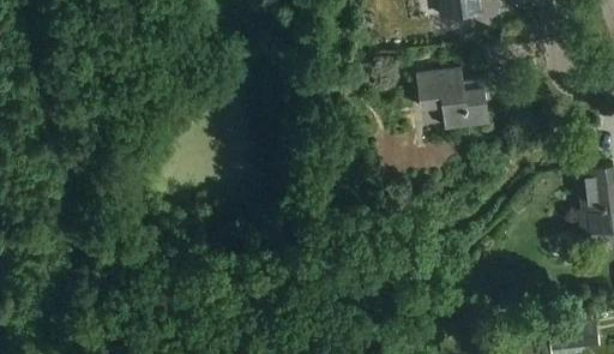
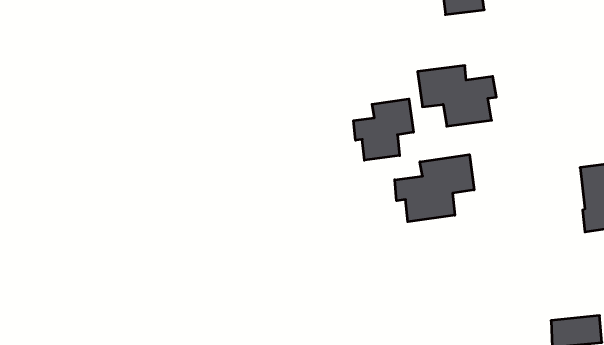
building: none -> [354,99,413,160]
building: none -> [395,155,474,222]

